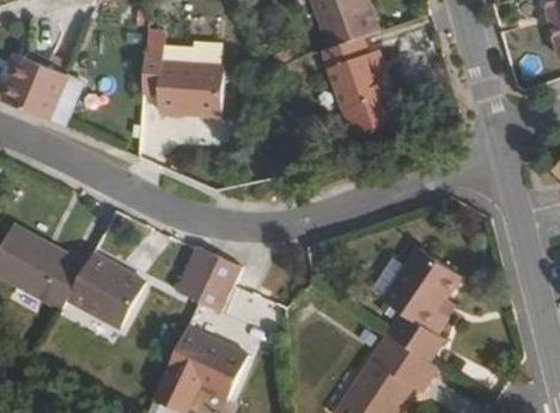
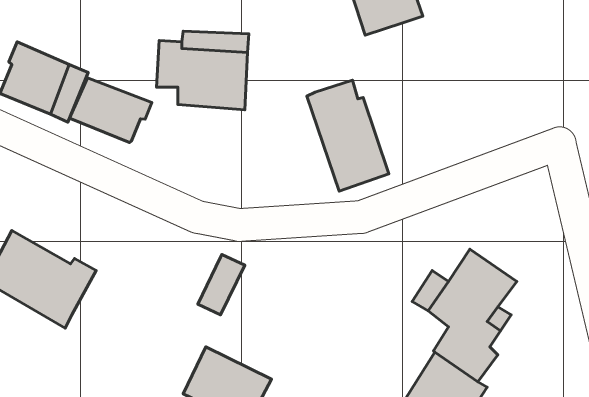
building: [321,38,394,138] -> [307,80,389,191]
building: none -> [70,78,152,142]
building: [66,254,144,329] -> none
building: [199,255,242,310] -> none

